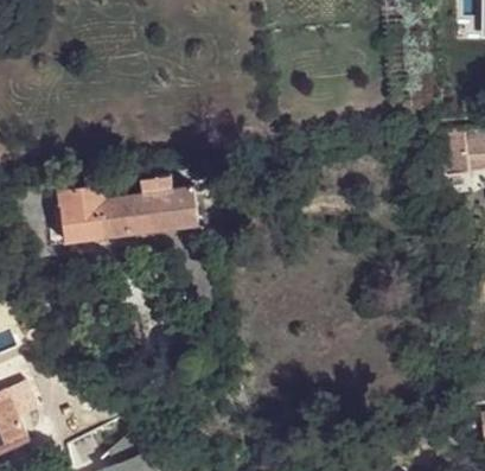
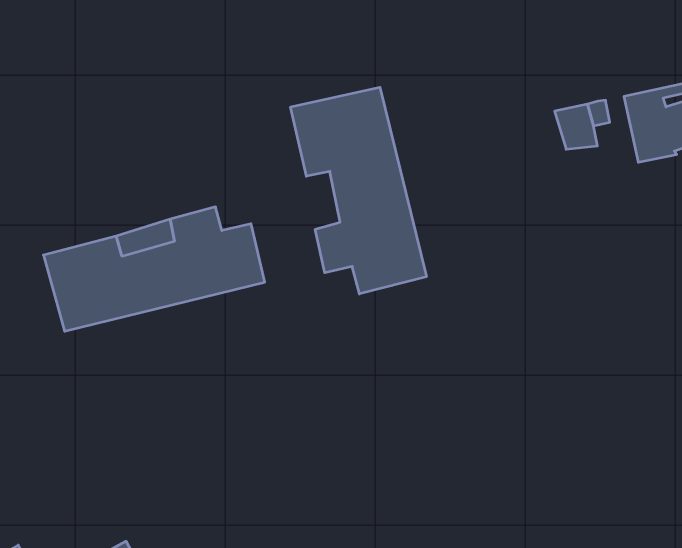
building: none -> [291,87,426,294]

